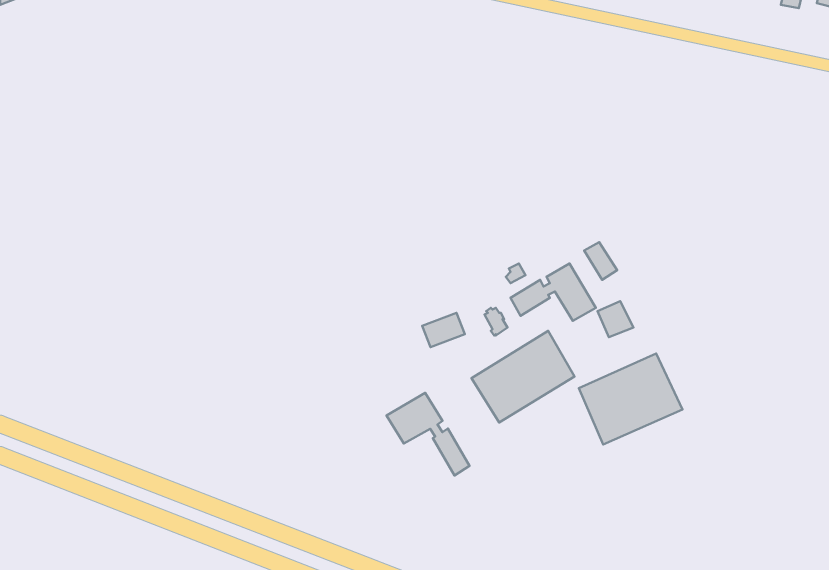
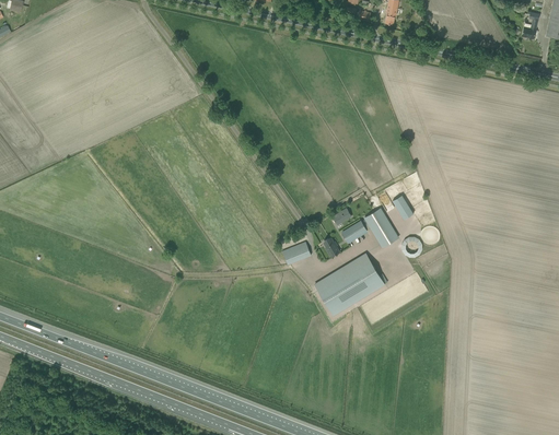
building: [579,354,683,444] -> none
building: [386,393,470,476] -> none

